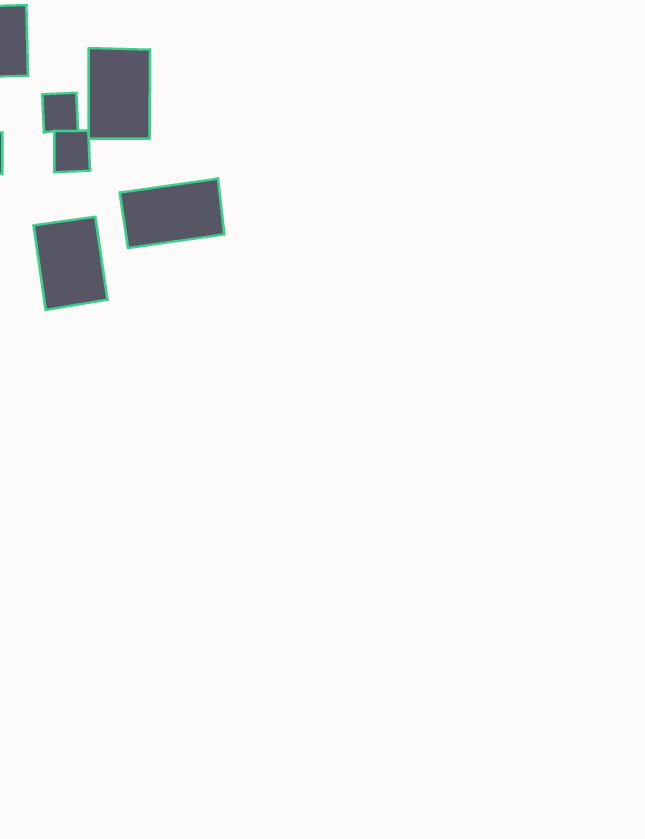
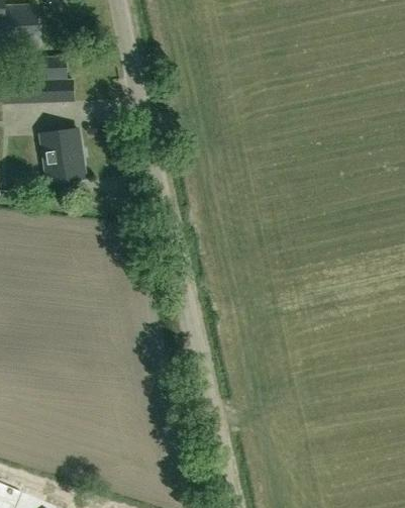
building: [89,48,150,139] -> none
building: [120,178,224,248] -> none

